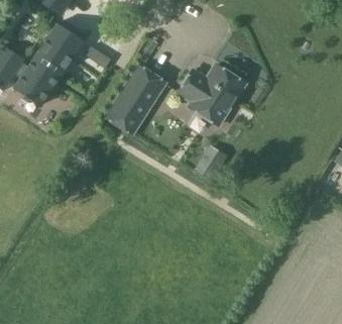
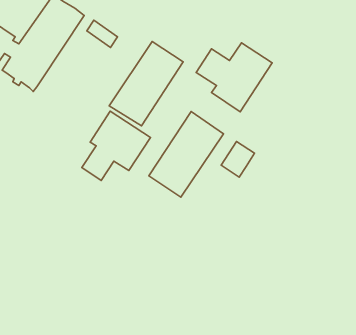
building: none -> [82,111,151,180]
building: none -> [149,112,223,197]

